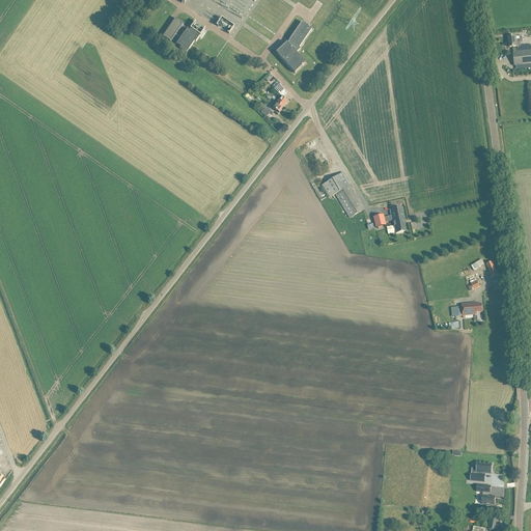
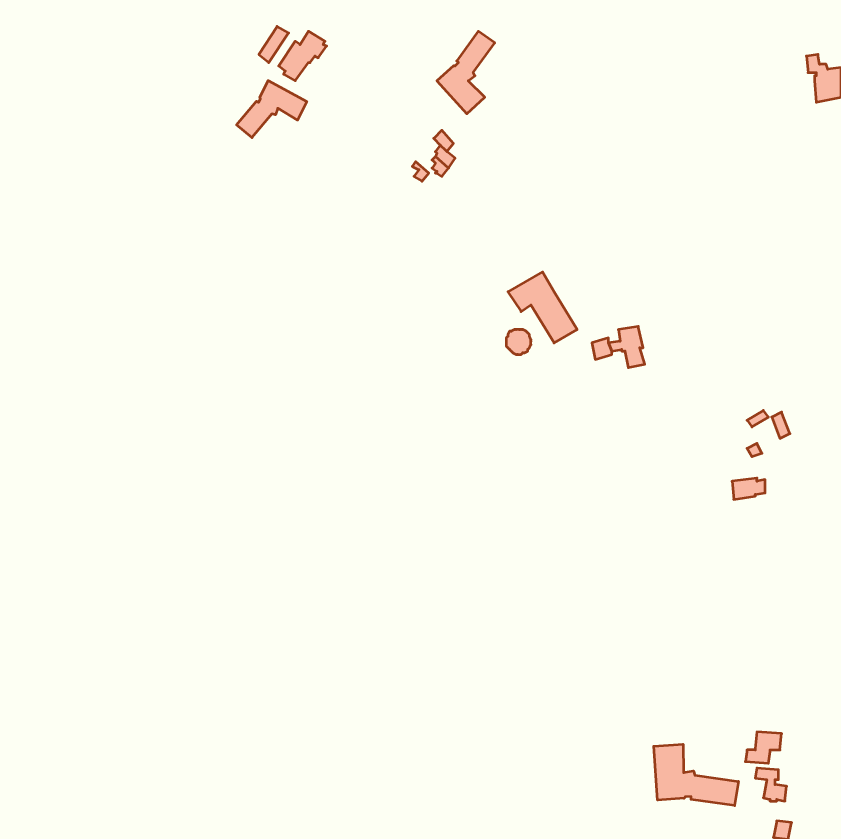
building: none -> [237,81,307,138]
building: none -> [654,744,738,806]

